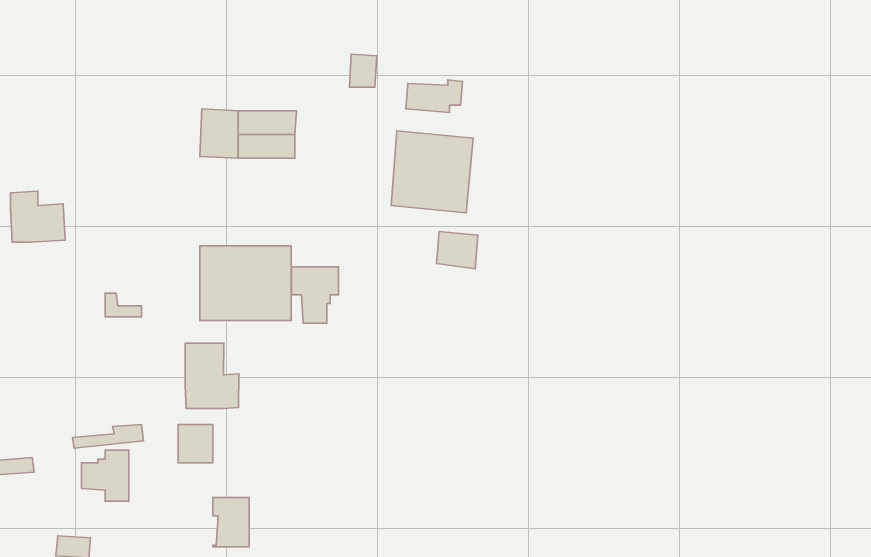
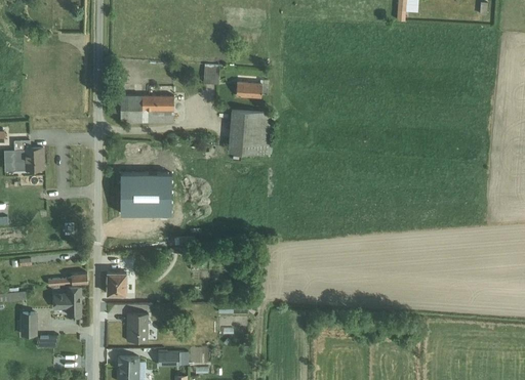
building: [436,231,478,269] -> none
building: [291,267,338,323] -> none
building: [185,343,239,408] -> none
building: none -> [19,311,37,335]

